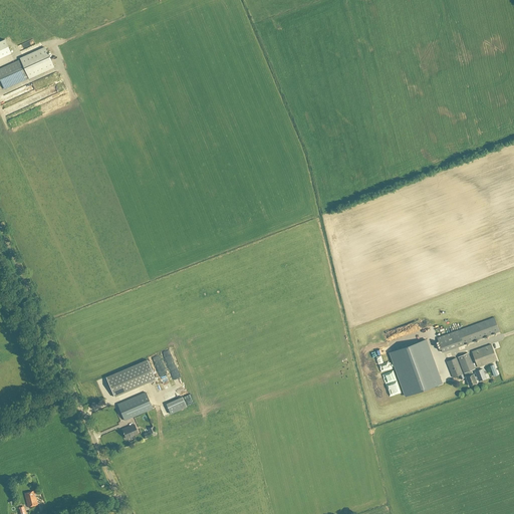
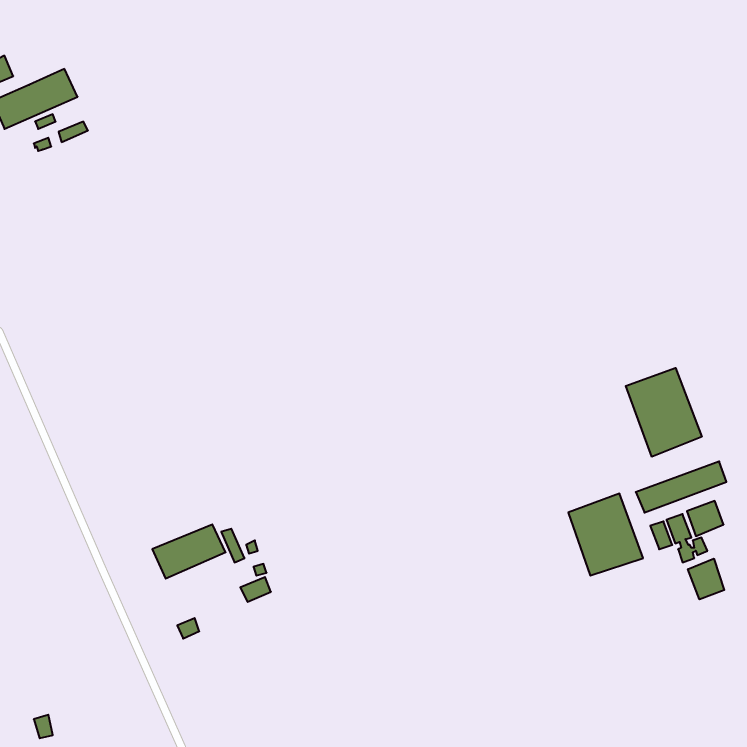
building: none -> [626,368,702,457]
building: none -> [688,559,724,599]
building: [116,392,152,420] -> none

